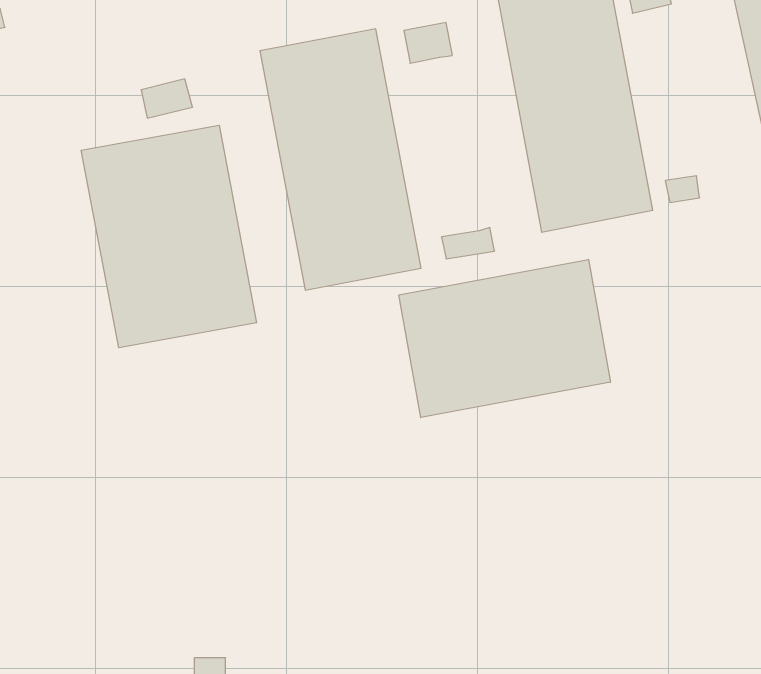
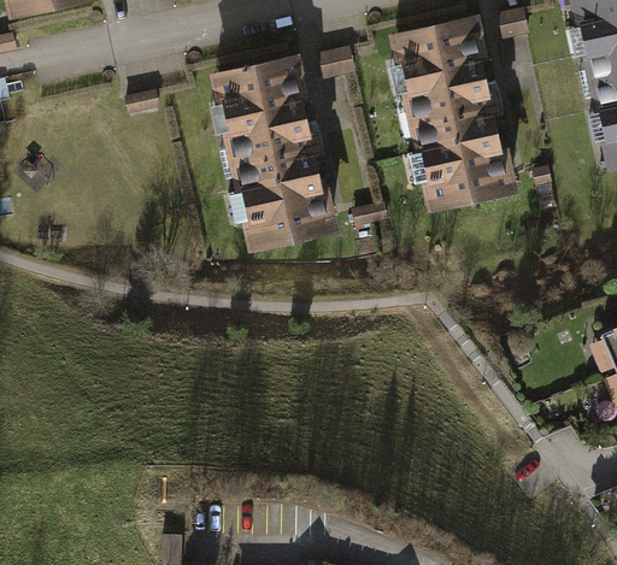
building: [81,125,257,348] -> none
building: [399,259,610,418] -> none

